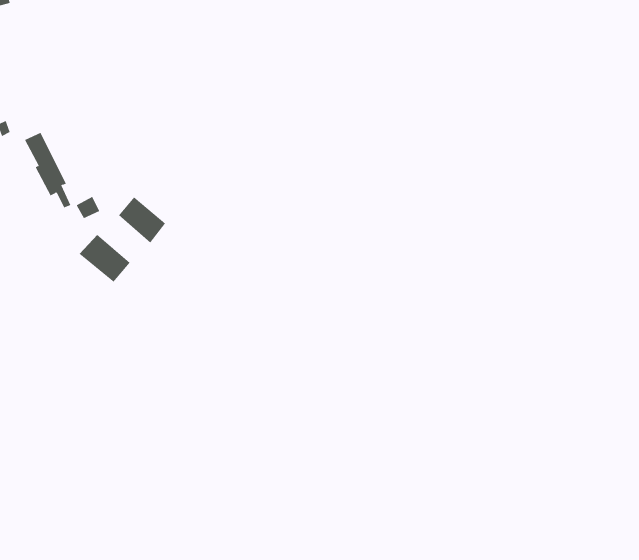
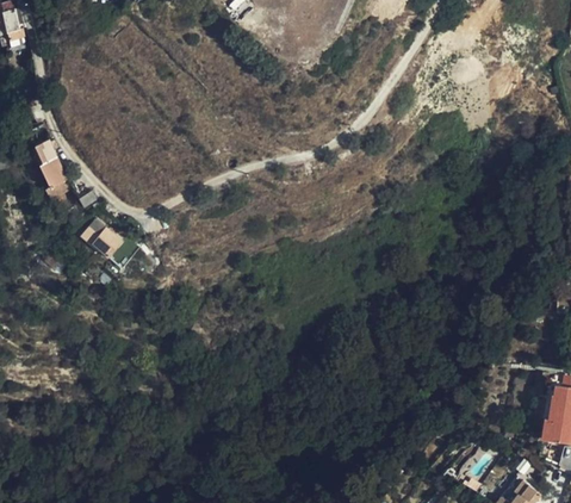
building: [118,197,166,243] -> none

